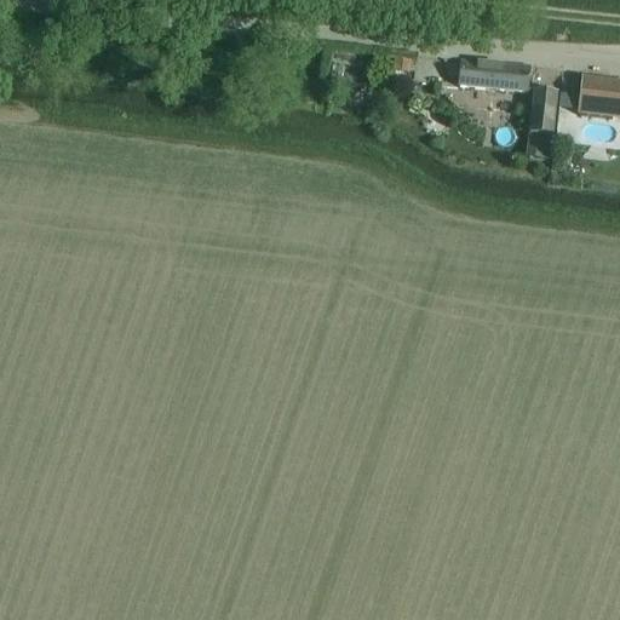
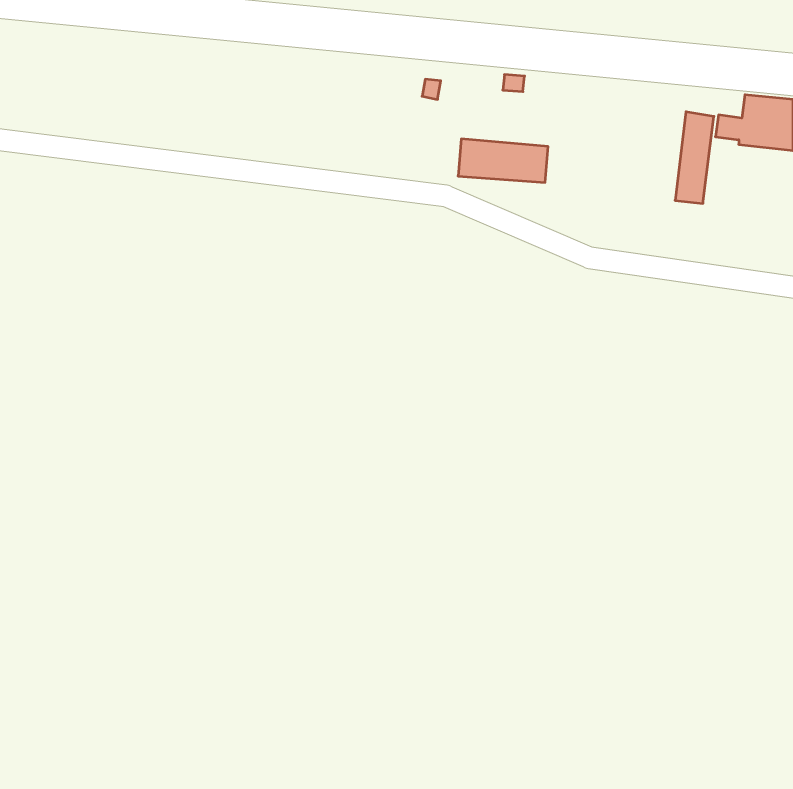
building: [459,57,529,91] -> [458,139,548,182]

